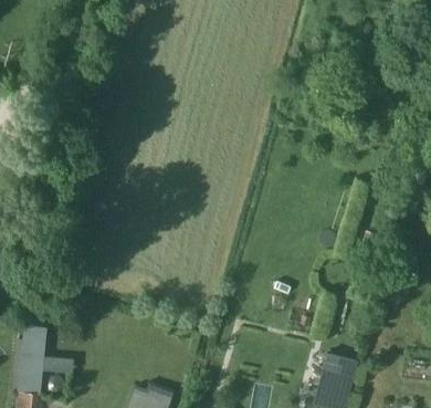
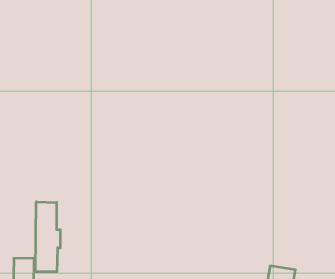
building: none -> [36,202,60,272]

